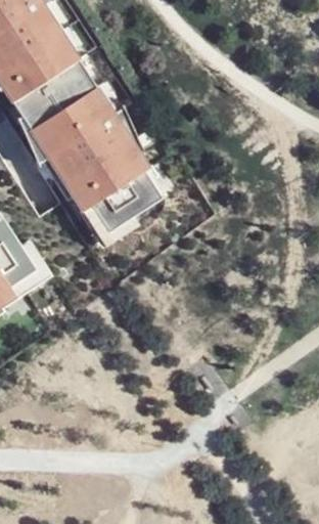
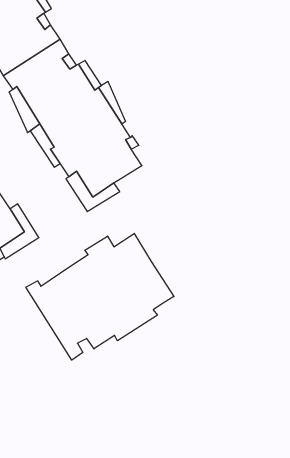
building: none -> [26,233,174,360]

